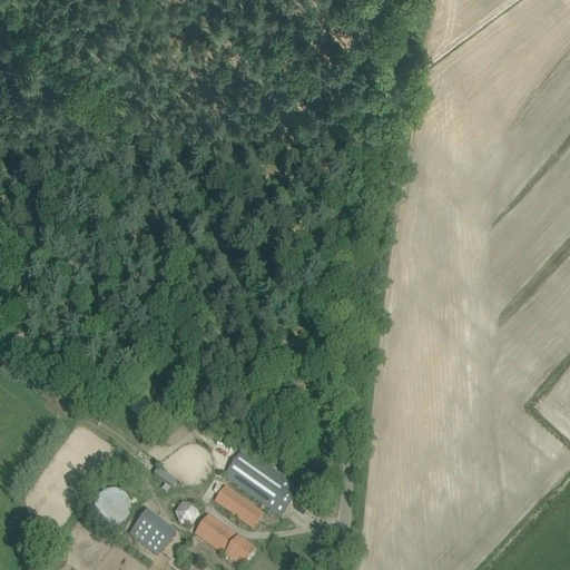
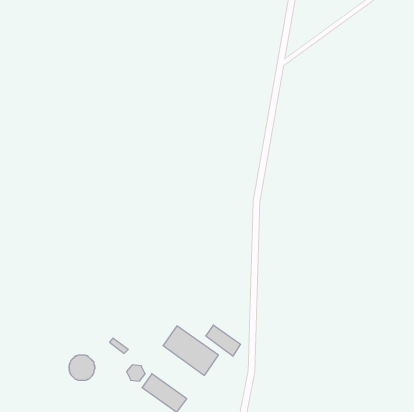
building: [215,483,263,525] -> [206,325,241,356]
building: [127,508,171,550] -> none

